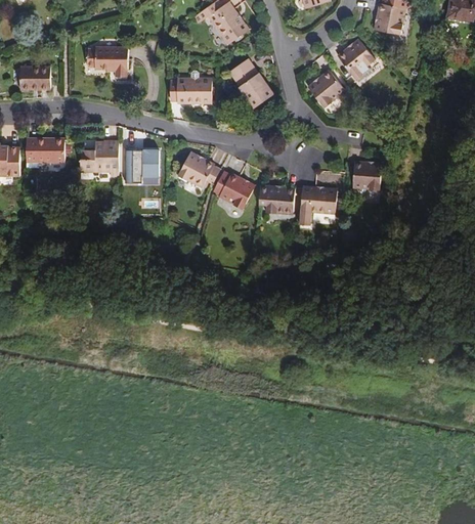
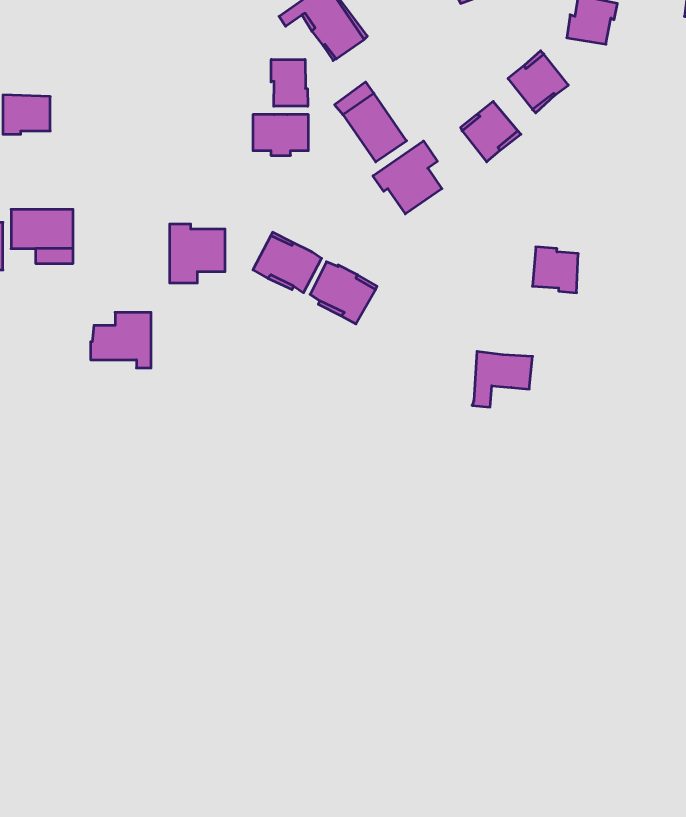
building: none -> [271,59,308,106]
building: [87,46,128,76] -> none
building: none -> [373,141,442,214]
building: [80,141,118,176] -> [91,312,151,368]
building: [265,186,294,213] -> none
building: [299,187,337,222] -> [472,351,533,407]

